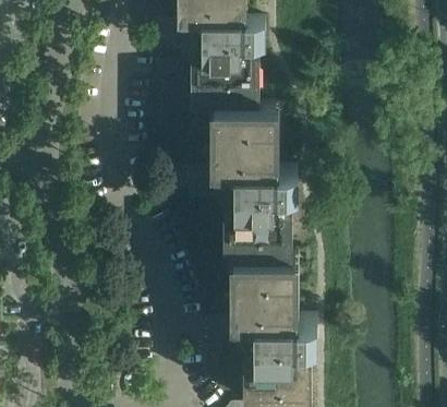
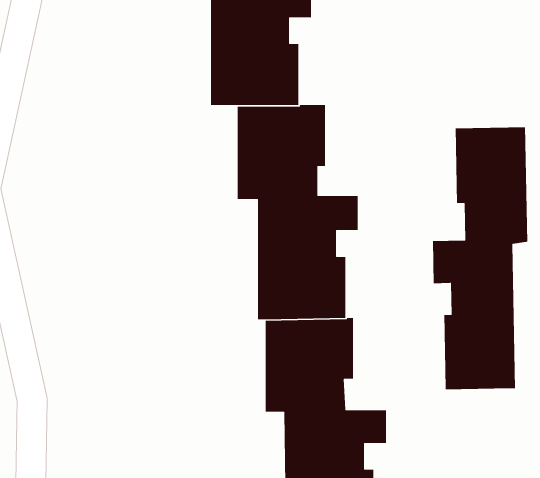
building: none -> [432,127,528,390]

